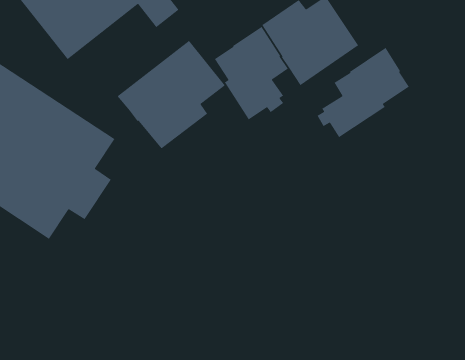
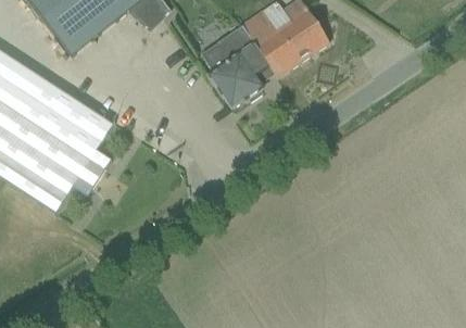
building: [116,40,226,149] -> none
building: [317,47,410,138] -> none

